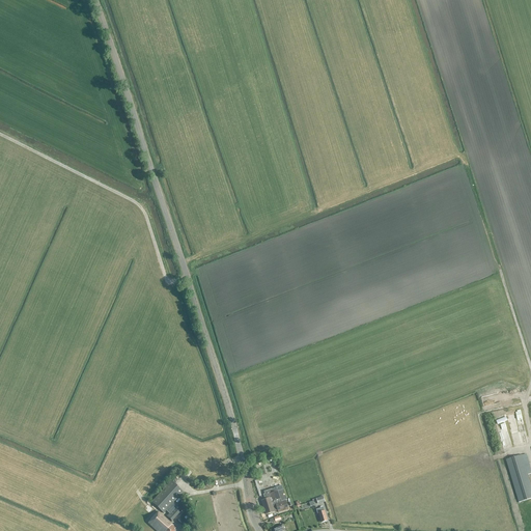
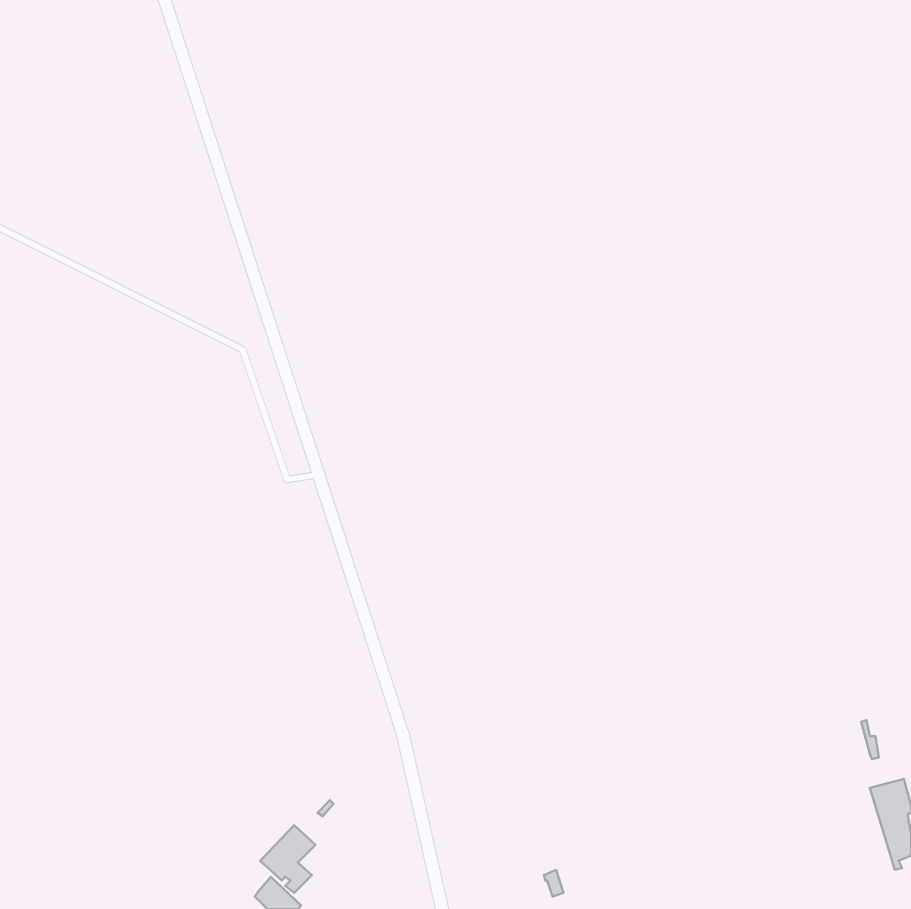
building: [261,484,288,513] -> none

